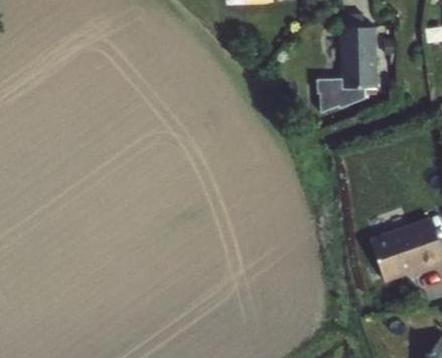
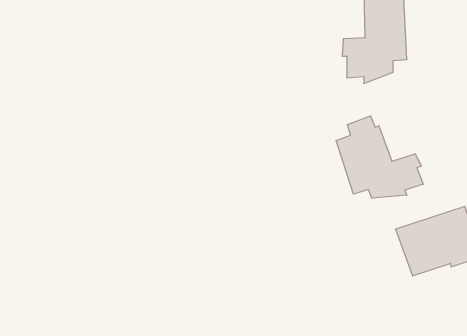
building: none -> [336,116,423,198]

